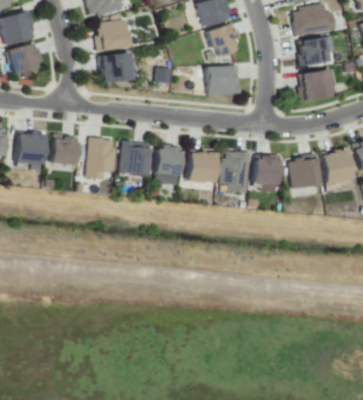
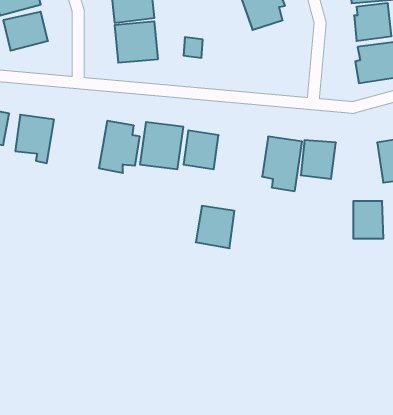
building: [205,65,244,95] -> none
building: [51,135,80,164] -> none
building: [187,147,219,182] -> [196,206,234,248]
building: [291,158,316,189] -> [353,201,383,239]

